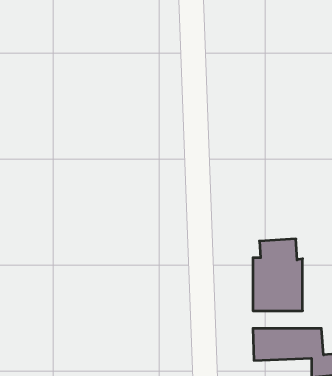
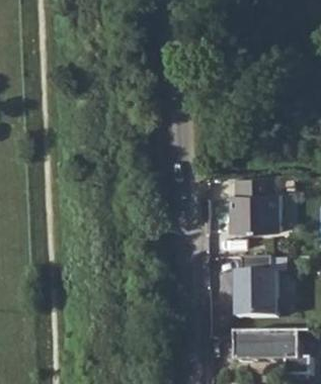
building: none -> [230,175,283,231]

